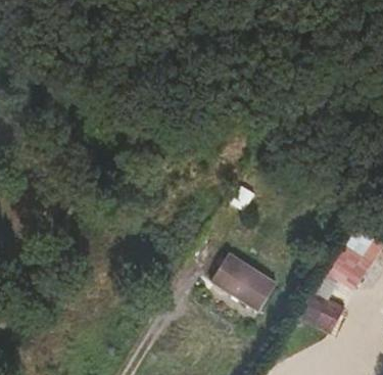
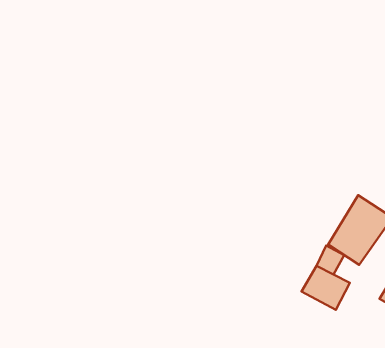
building: [212,253,278,313] -> none

